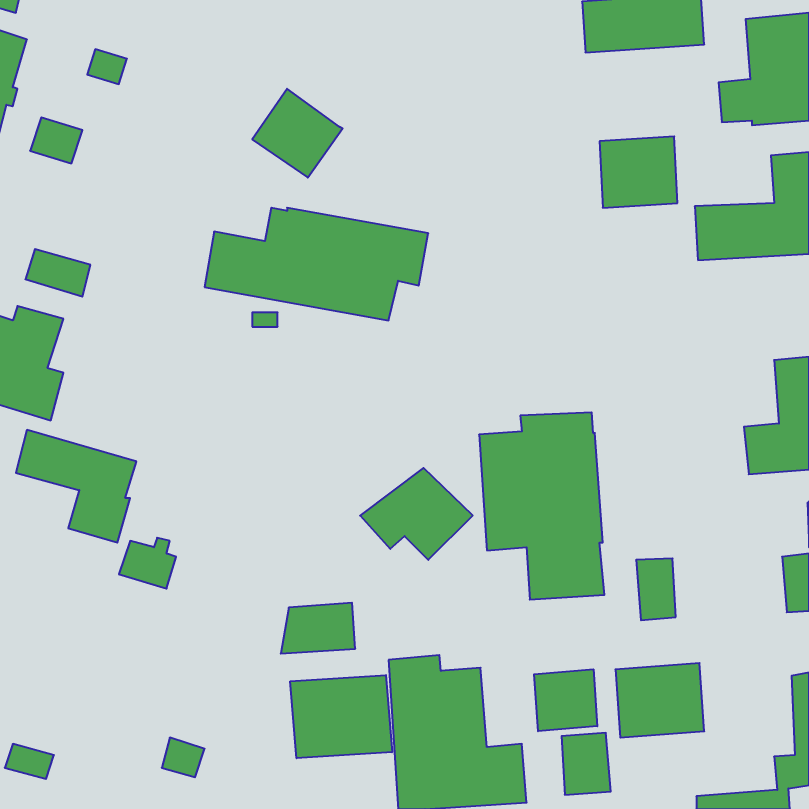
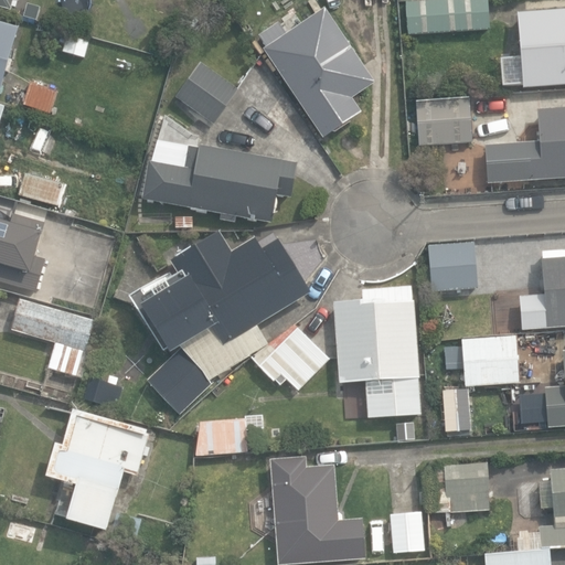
building: none -> [257,8,374,138]
building: none -> [131,232,310,415]
building: none -> [429,243,478,291]
building: none -> [461,334,520,386]
building: none -> [46,409,150,532]
building: [534,669,597,731] -> none
building: [290,675,392,758] -> none

